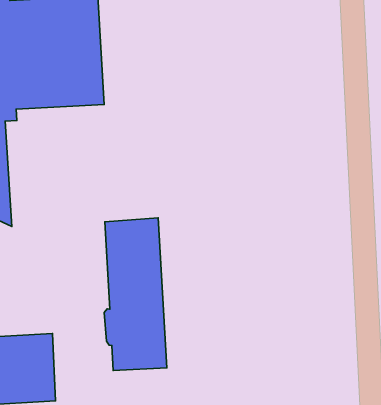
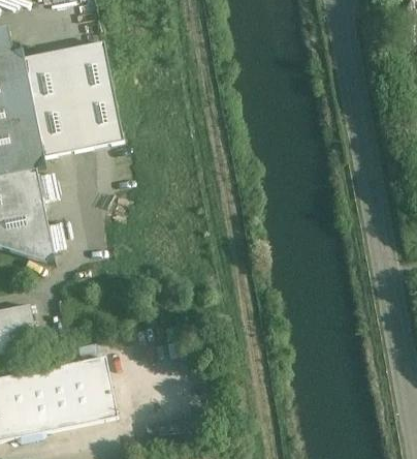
building: [104,218,167,371] -> none

